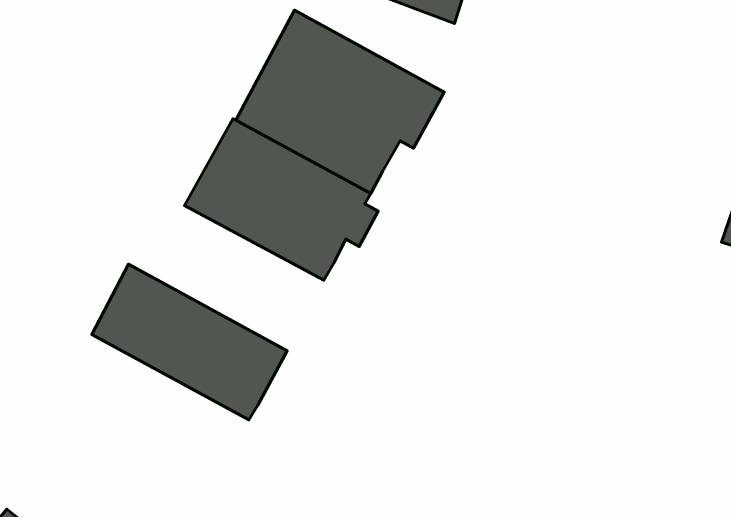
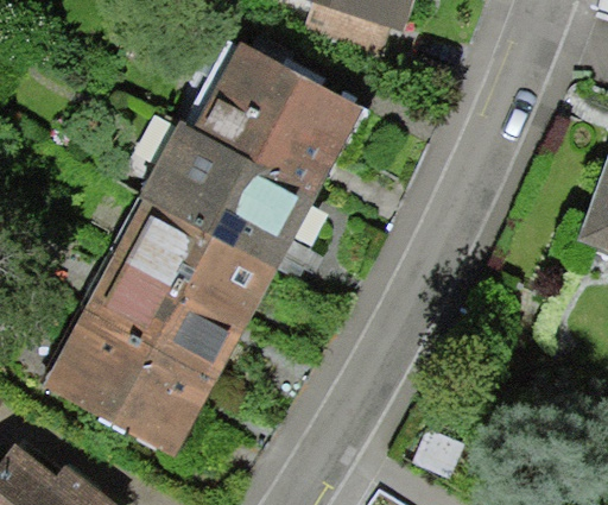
building: none -> [112,195,270,321]
building: none -> [56,308,209,450]

